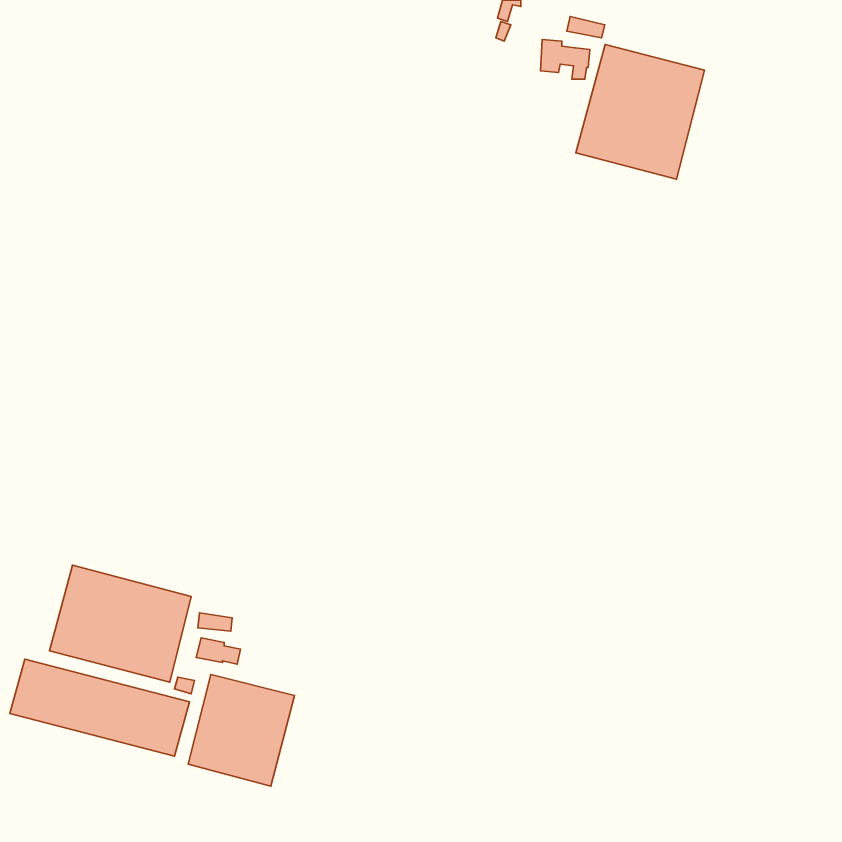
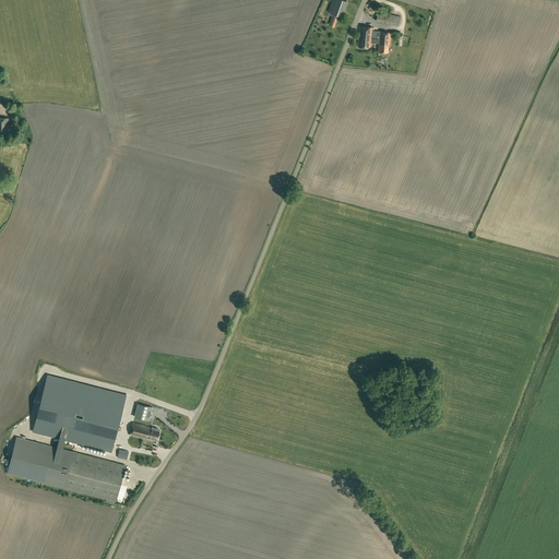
building: [576,45,705,179] -> none
building: [188,675,294,786] -> none

